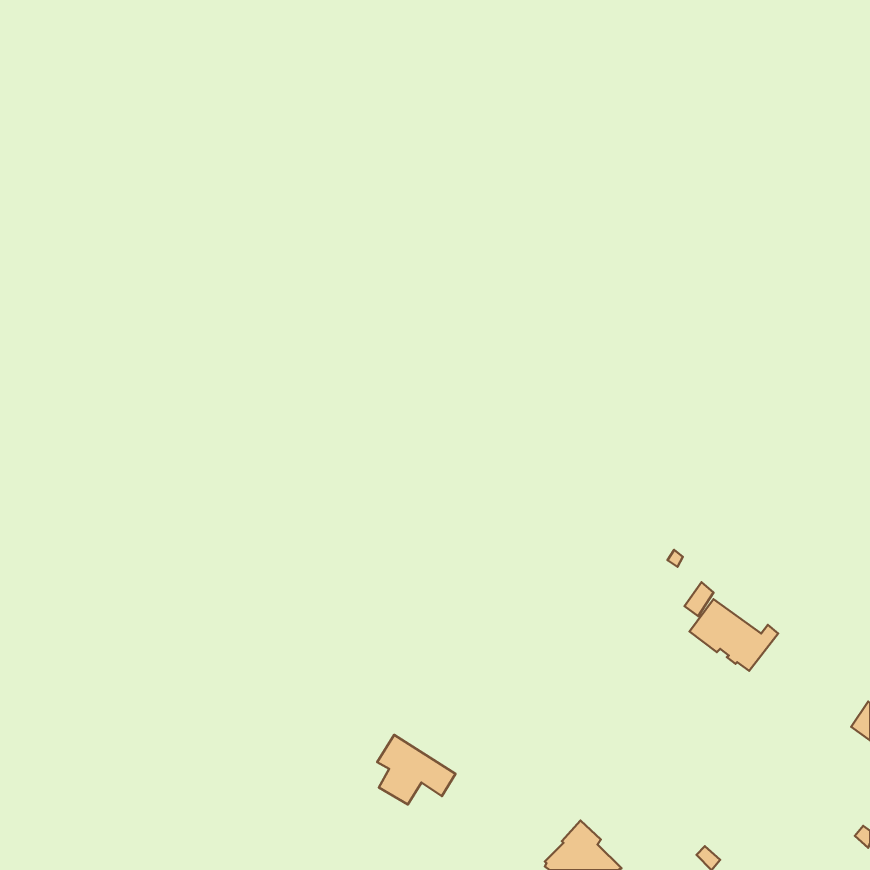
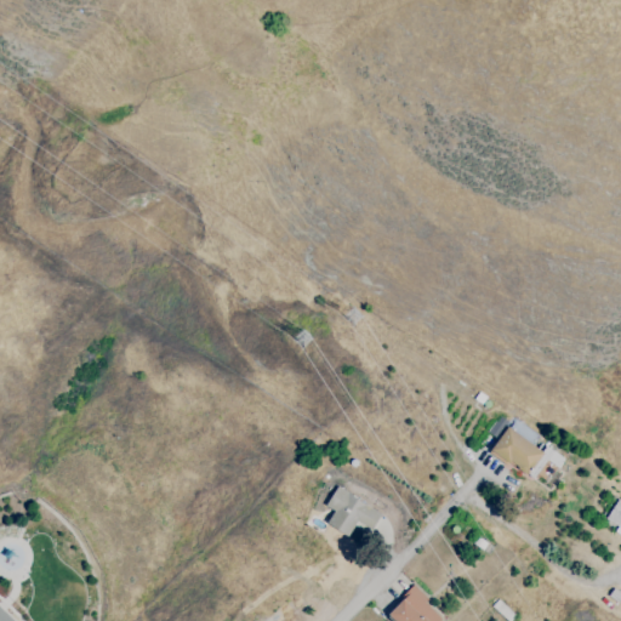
building: [377,735,456,805] -> [326,486,382,536]

